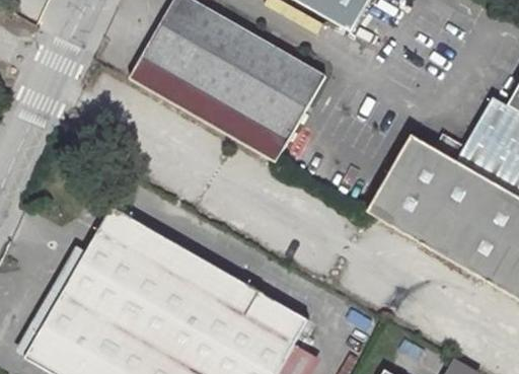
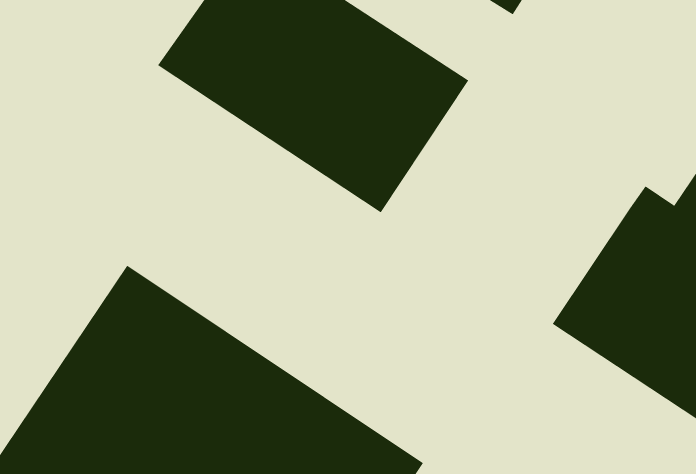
building: [366,138,434,228] -> none

